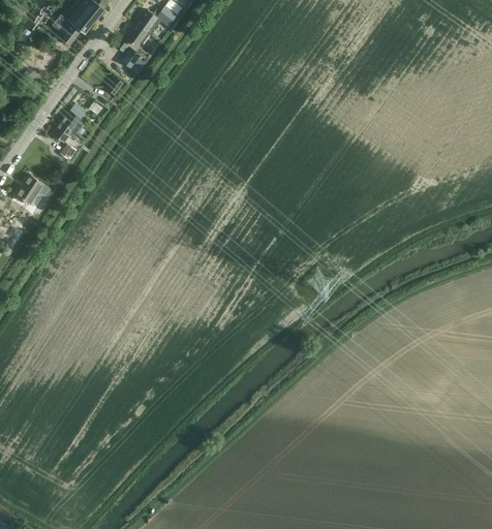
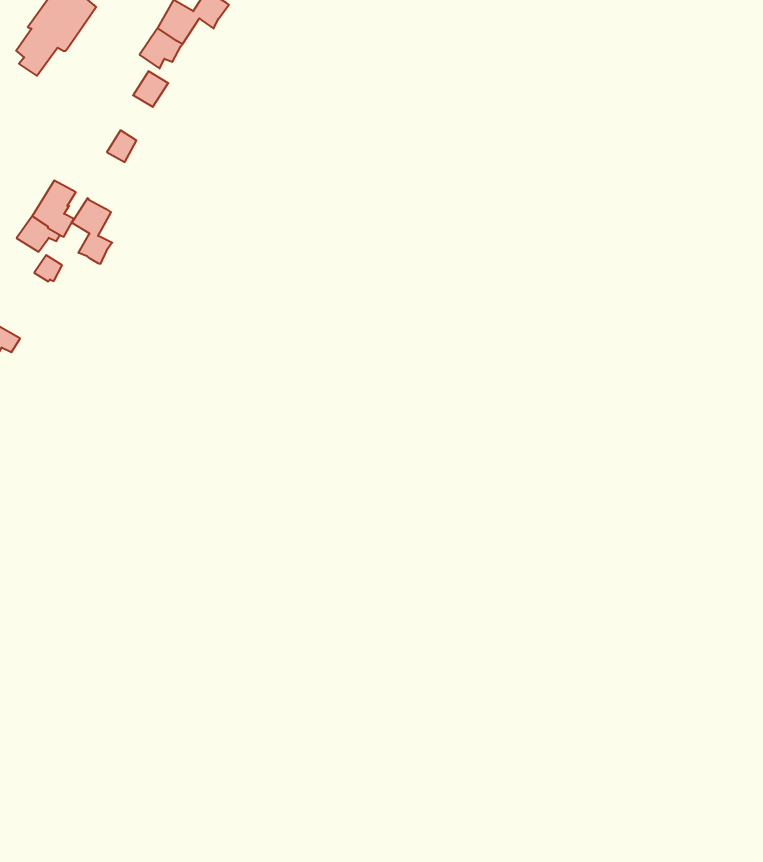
building: none -> [72,198,112,264]

